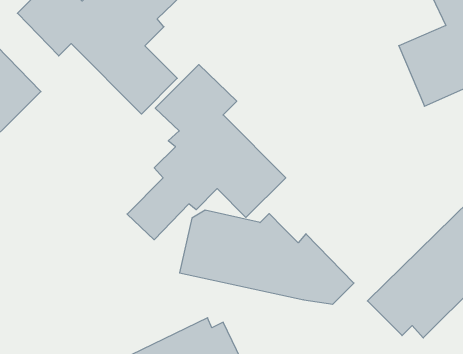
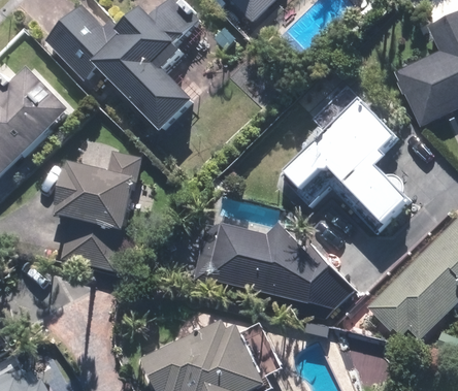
building: none -> [282,86,407,232]
building: [127,65,286,240] -> none
building: none -> [54,150,143,270]

